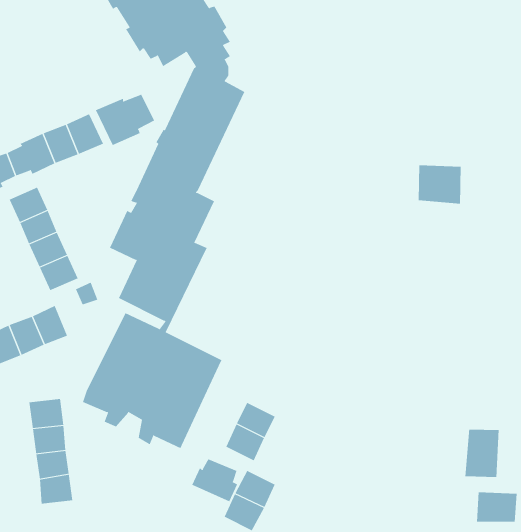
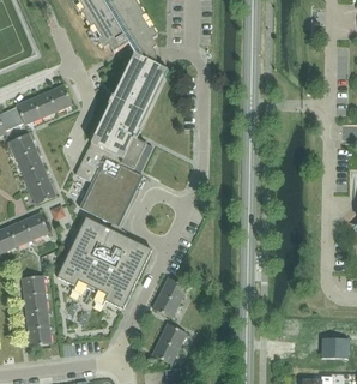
building: [95,94,155,146] -> none
building: [418,165,461,205] -> none
building: [465,429,499,478] -> none
building: [191,458,238,502] -> none

